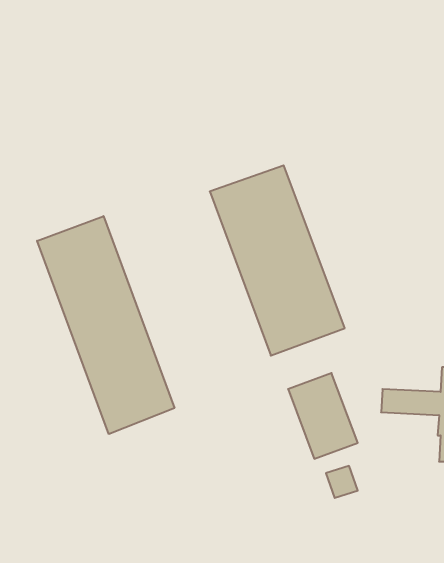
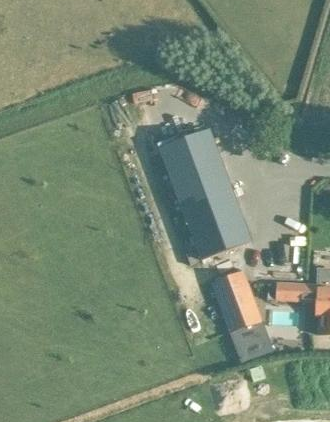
building: [37,216,174,434] -> none

